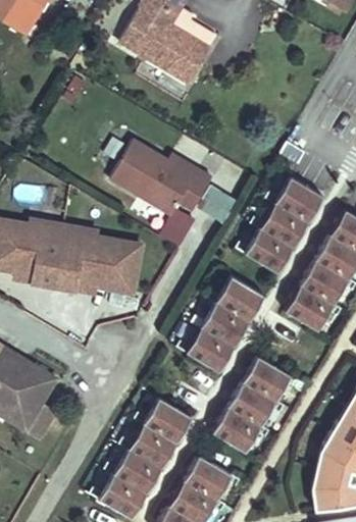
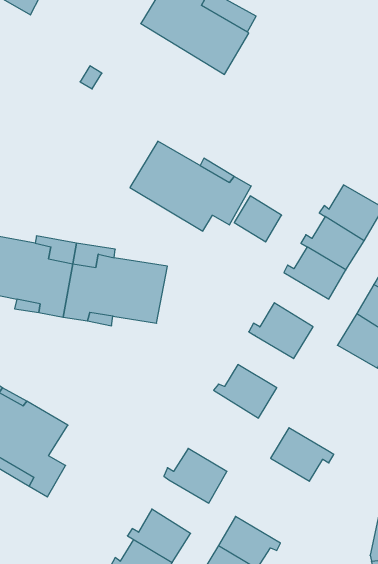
building: [196,304,248,348] -> none
building: [244,357,296,401] -> none
building: [212,407,266,454] -> none
building: [123,425,176,470] -> none

